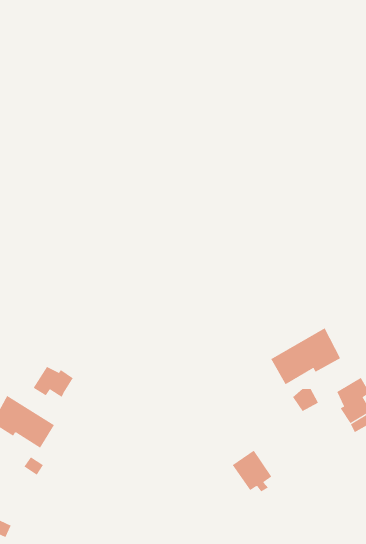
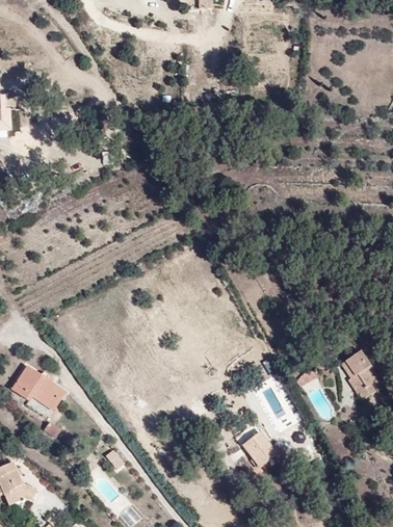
building: [271,327,341,385] -> none
building: [33,366,74,398] -> none

